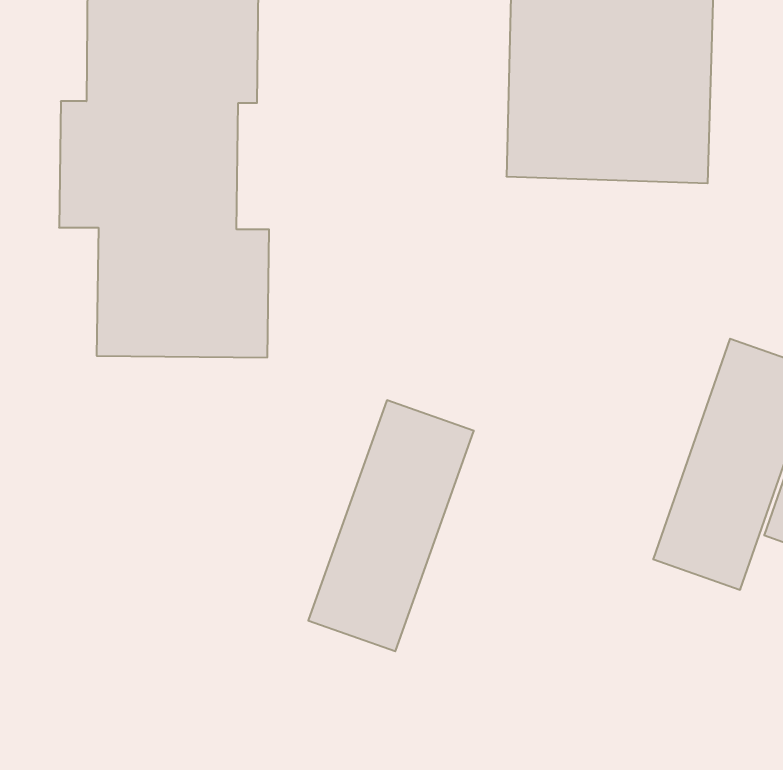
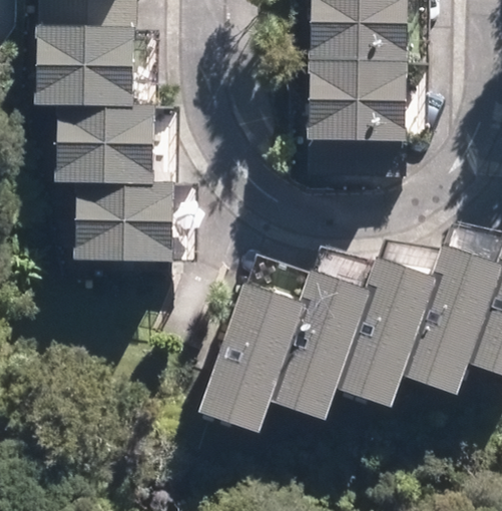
building: none -> [327,258,424,405]
building: none -> [259,270,356,417]

